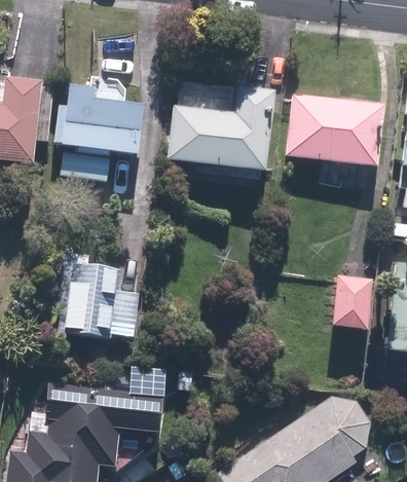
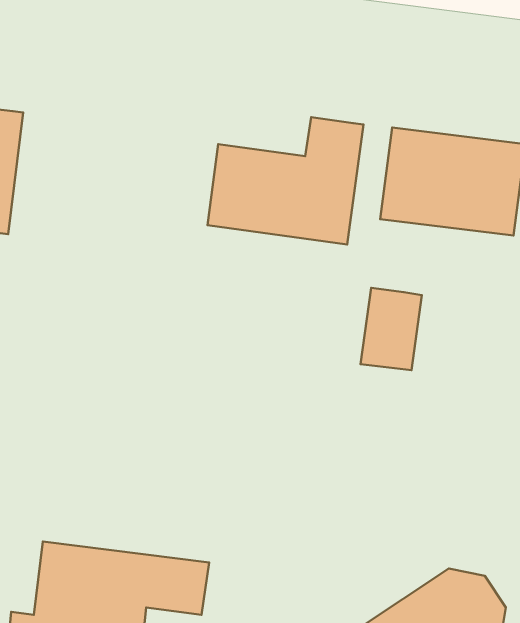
building: [54,85,144,182] -> none
building: [54,252,140,339] -> none
building: [331,274,373,331] -> [361,288,422,370]

